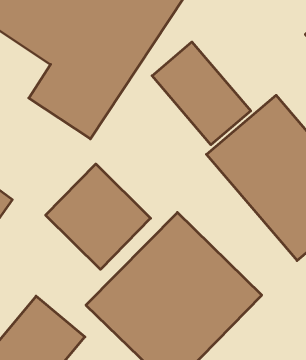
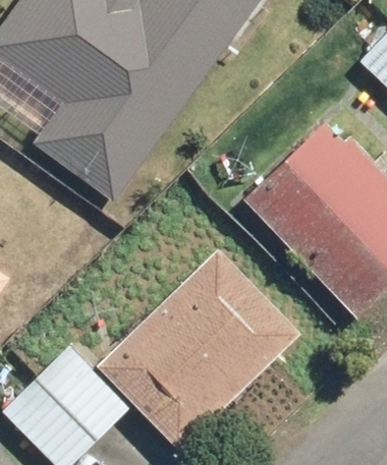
building: [152,42,251,145] -> none
building: [46,164,151,269] -> none

